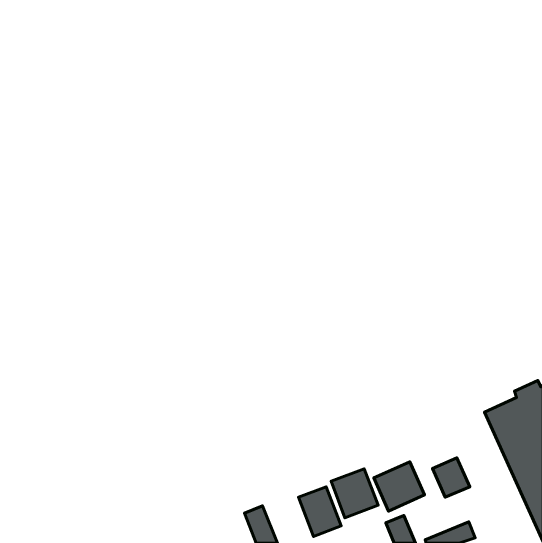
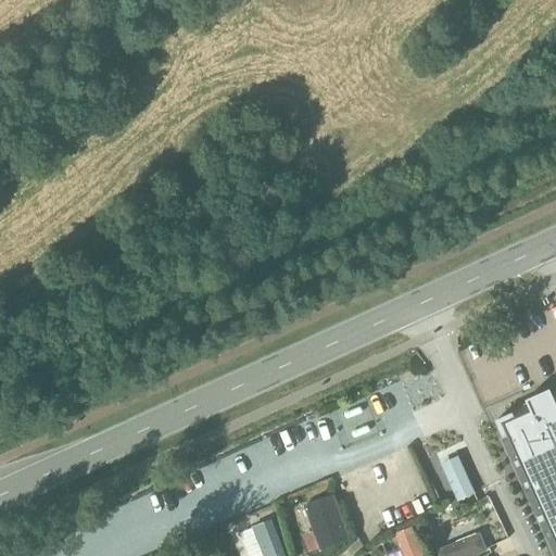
building: [374,462,425,511] -> none
building: [331,469,378,518] -> none

